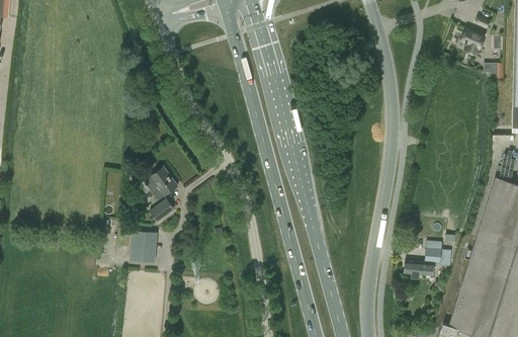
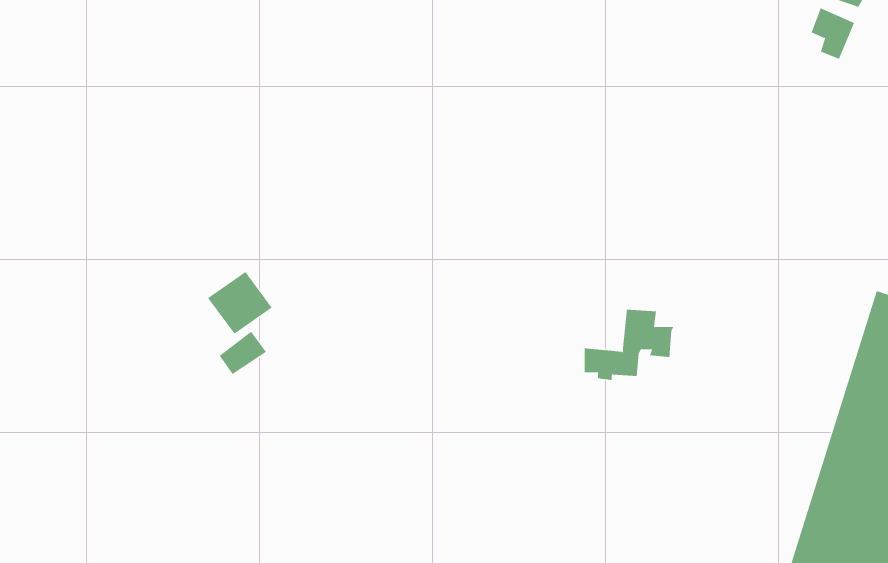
building: [130,231,158,262] -> none
building: [405,241,452,278] -> [584,309,674,380]

